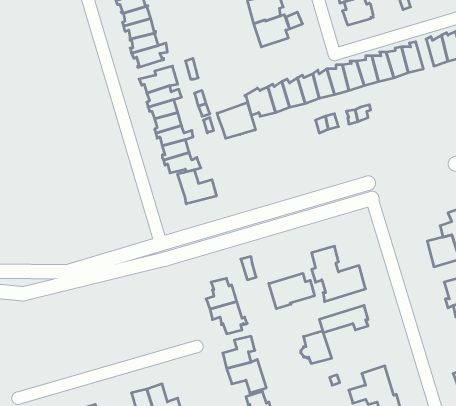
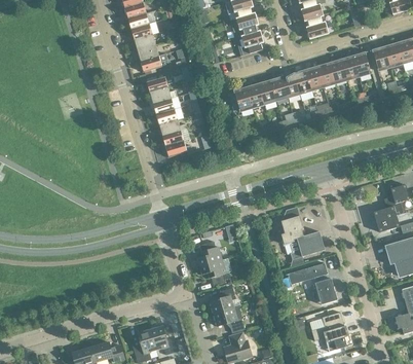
building: [217,103,255,138] -> none
building: [178,170,216,204] -> none
building: [269,273,314,309] -> none
building: [301,331,332,363] -> [313,278,338,303]

